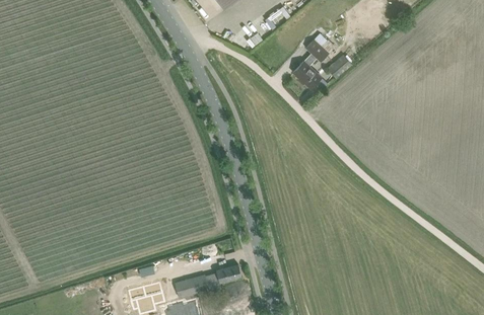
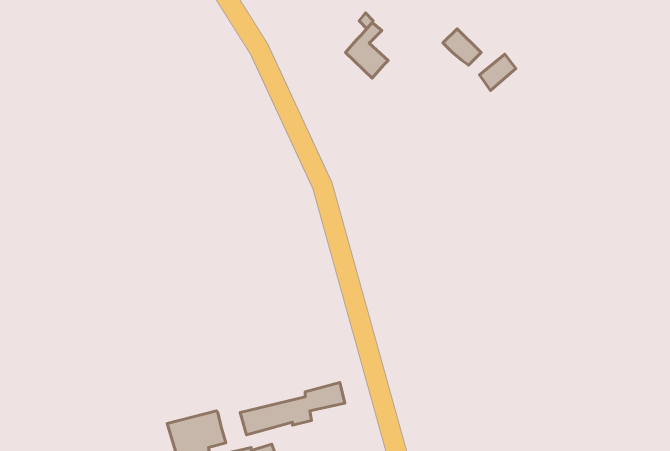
building: [294,53,322,88] -> [345,23,388,78]

